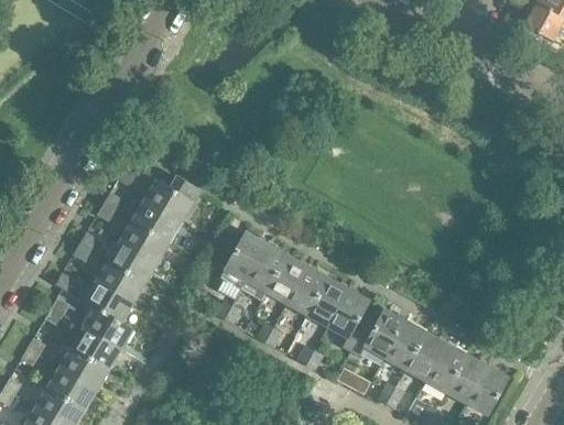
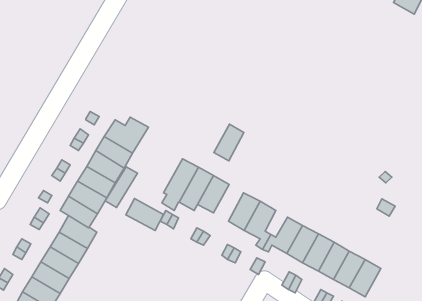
building: none -> [105,167,138,208]
building: [286,266,326,315] -> [214,124,244,161]
building: none -> [126,199,164,231]

